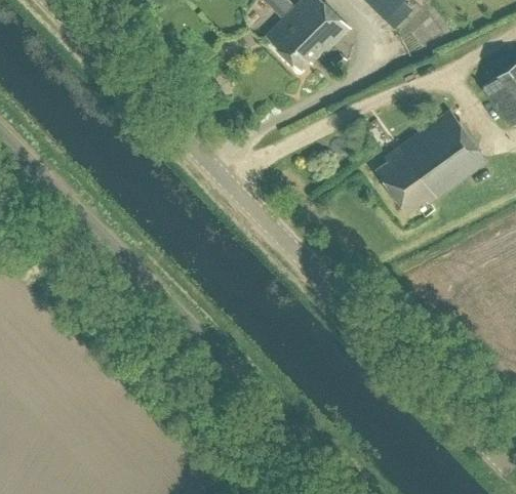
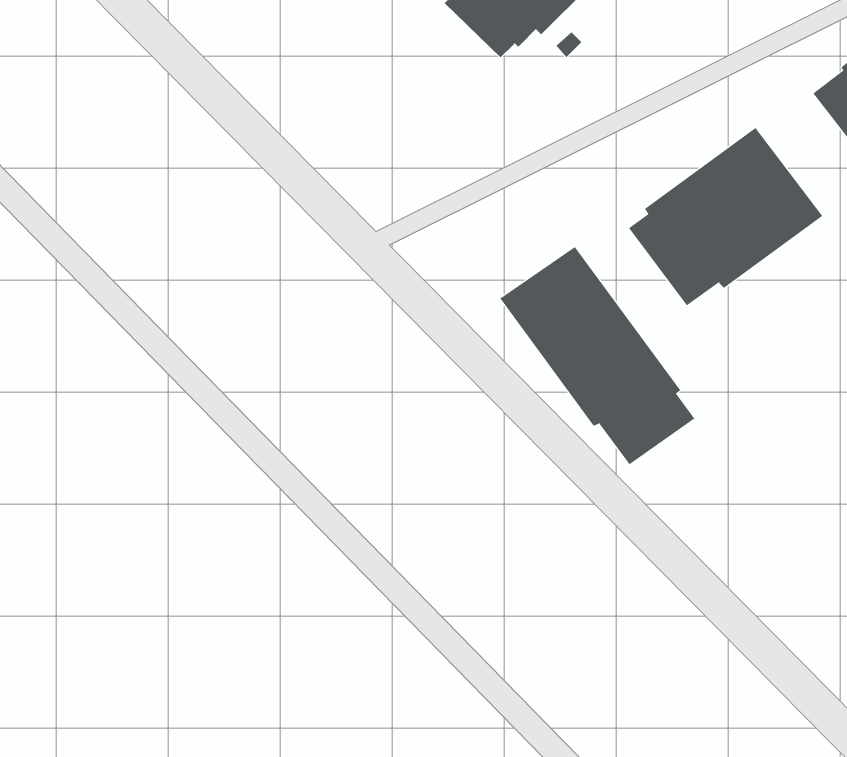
building: none -> [499,246,695,465]

